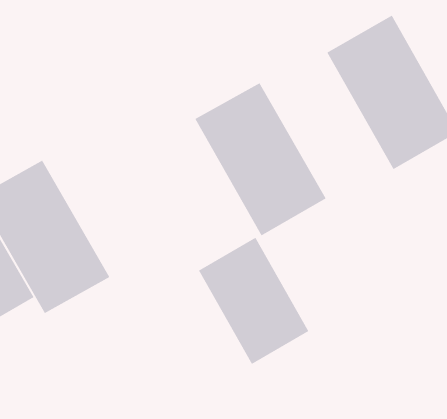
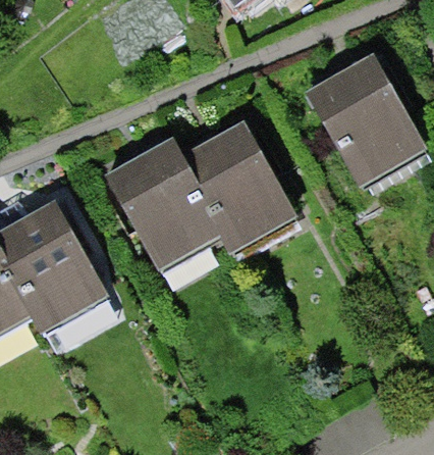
building: none -> [108,131,229,272]
building: [198,237,309,365] -> none

